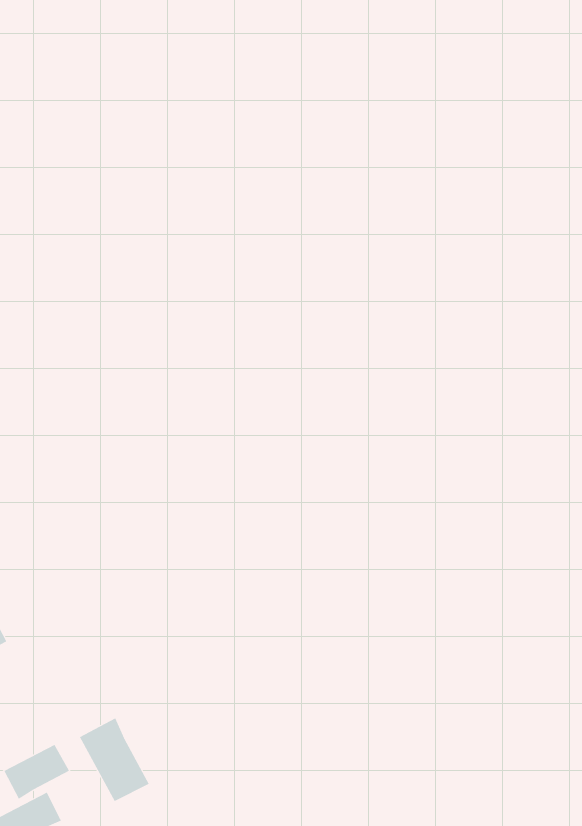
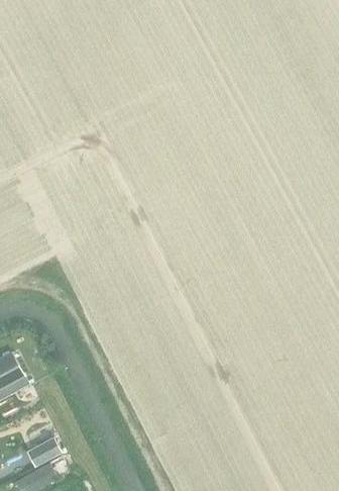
building: [79,718,150,802] -> none

